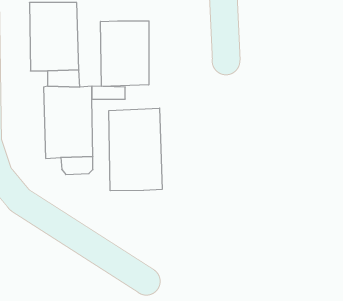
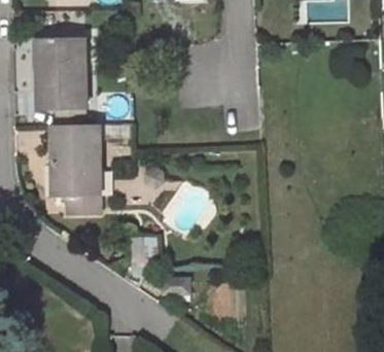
building: [101,21,149,86] -> none
building: [109,108,162,191] -> none

